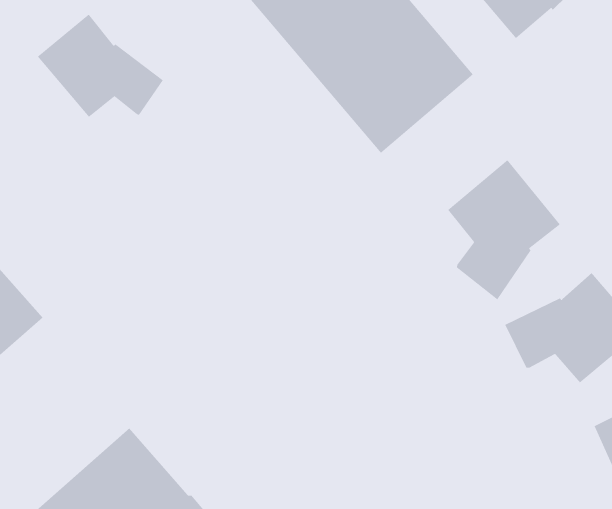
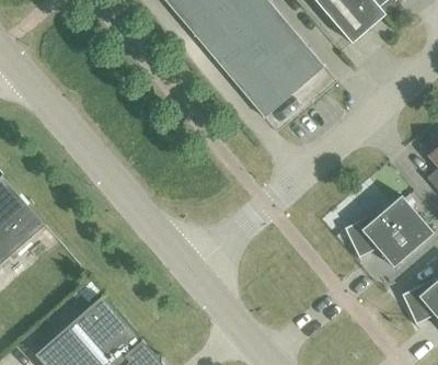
building: [37,14,164,118] -> none
building: [447,159,561,300] -> none

